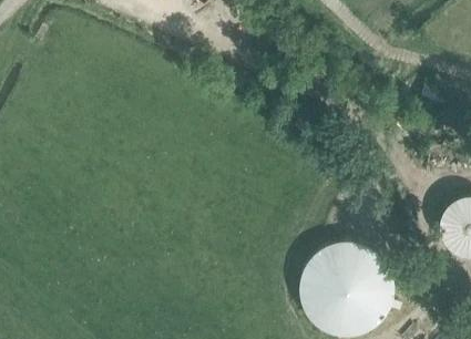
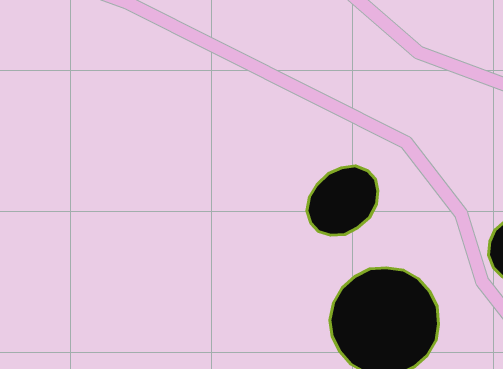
building: none -> [307,166,378,235]

